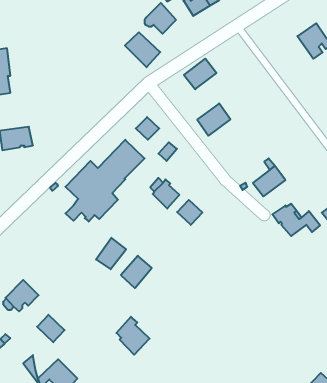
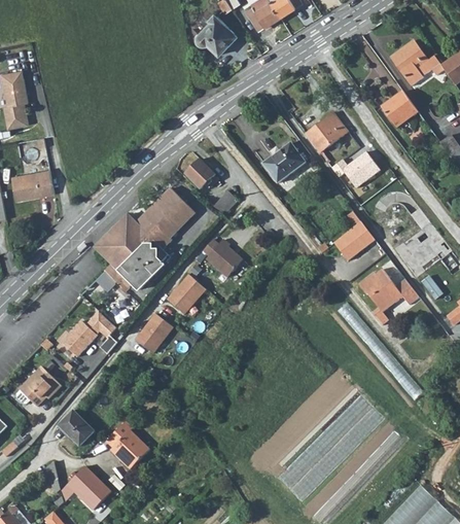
building: [125,32,160,67] -> none
building: [184,59,216,89] -> [306,114,347,153]
building: none -> [380,92,417,128]
building: none -> [330,150,380,188]
building: [177,200,202,225] -> none
building: none -> [61,311,115,356]
building: [121,256,152,288] -> [166,274,205,315]
building: [116,317,150,355] -> [106,421,148,469]

